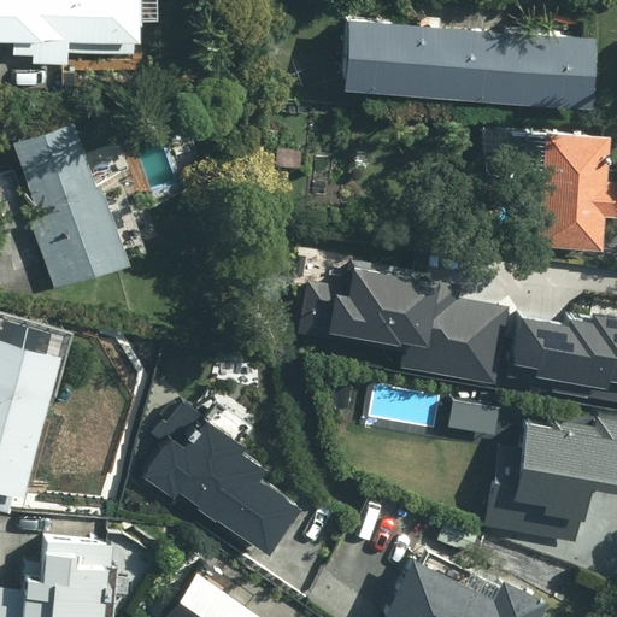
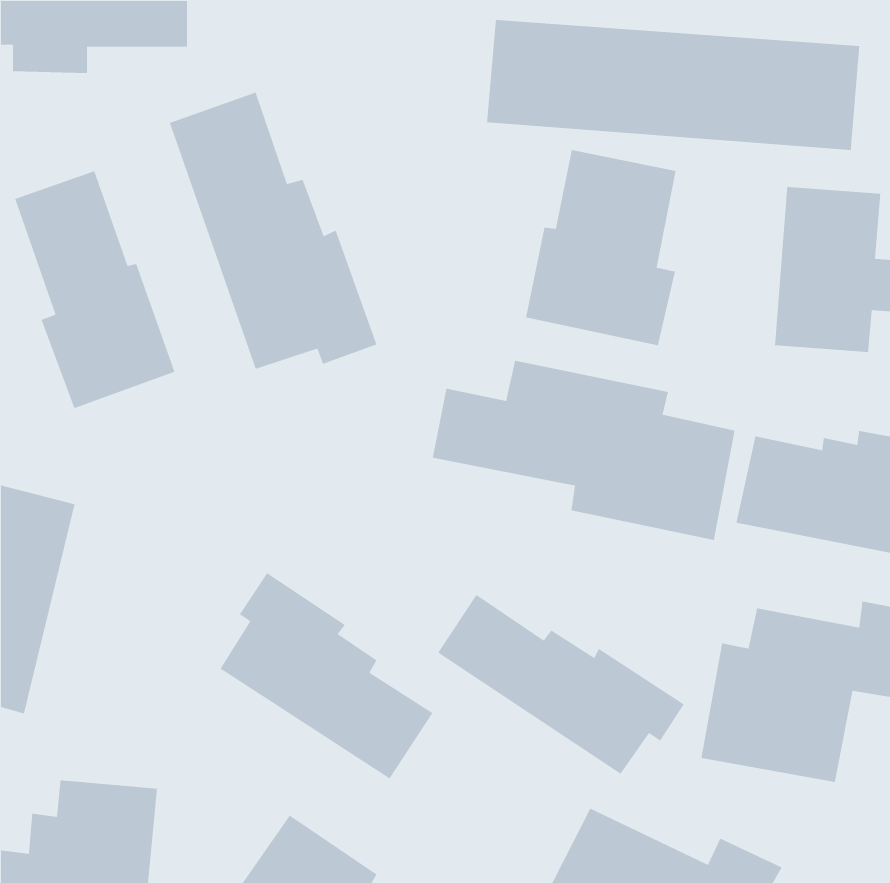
building: none -> [169,92,378,370]
building: none -> [525,149,677,346]
building: none -> [437,594,685,775]

